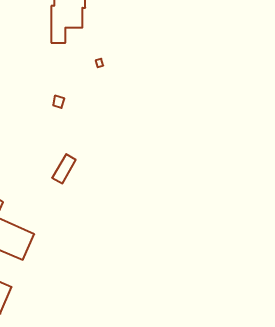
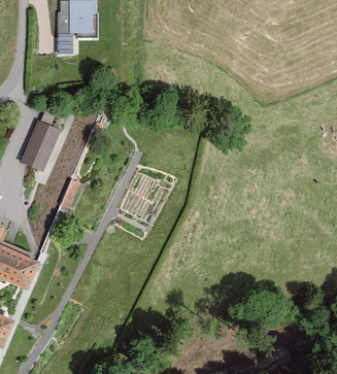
building: none -> [20,111,61,172]

